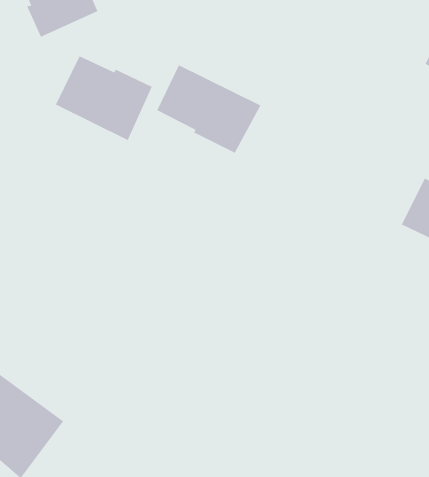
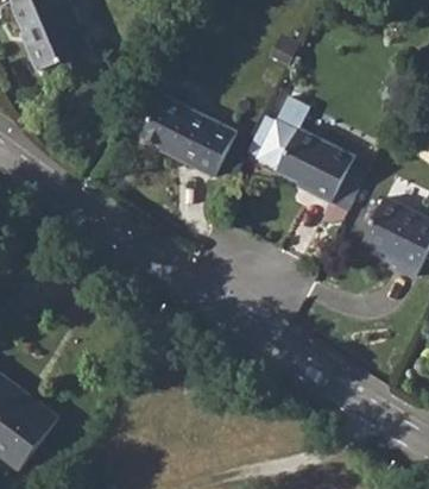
building: [55,55,153,141] -> none
building: none -> [258,121,367,205]

